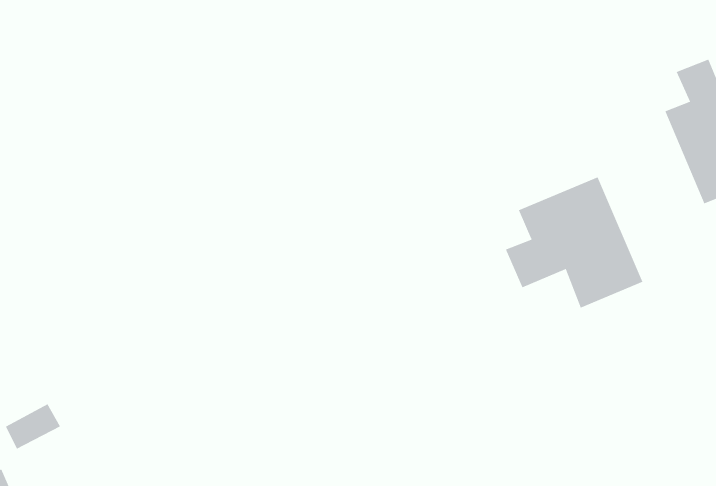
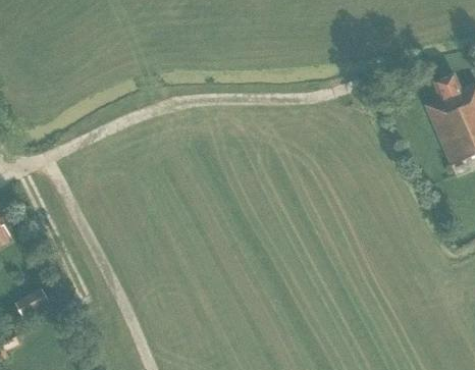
building: [505,177,643,308] -> none

